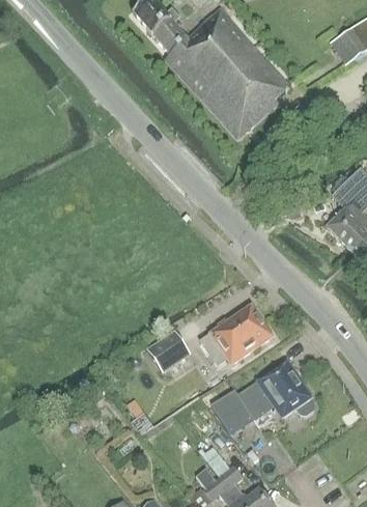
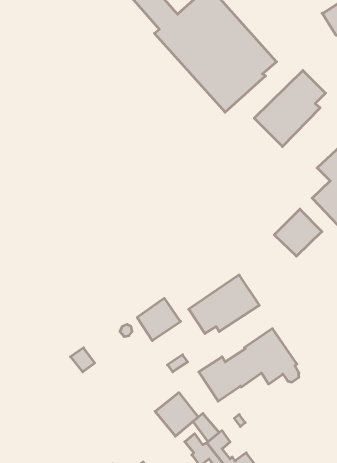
building: none -> [254,70,326,147]
building: none -> [274,209,322,256]
building: none -> [155,393,198,436]

